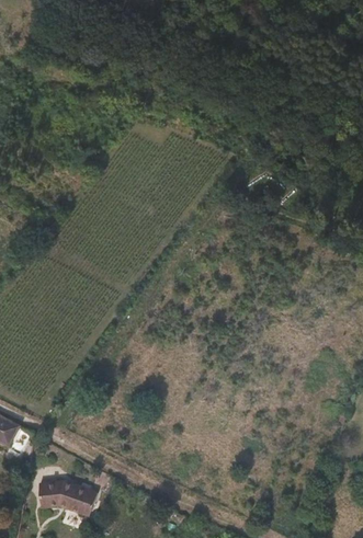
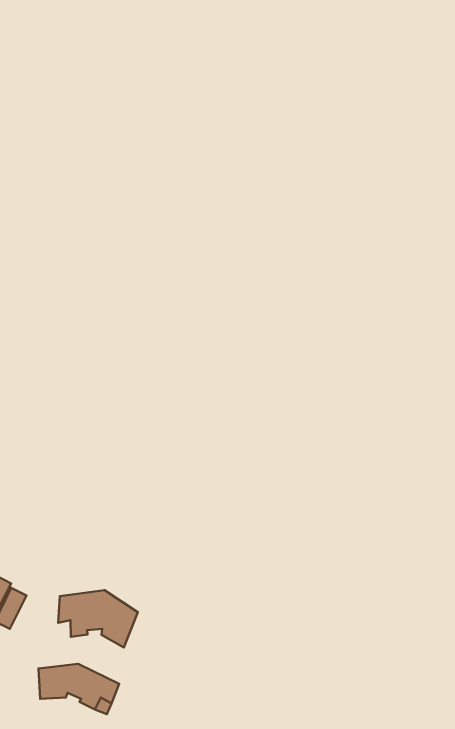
building: none -> [58,590,138,647]

